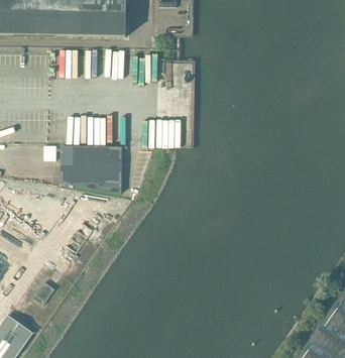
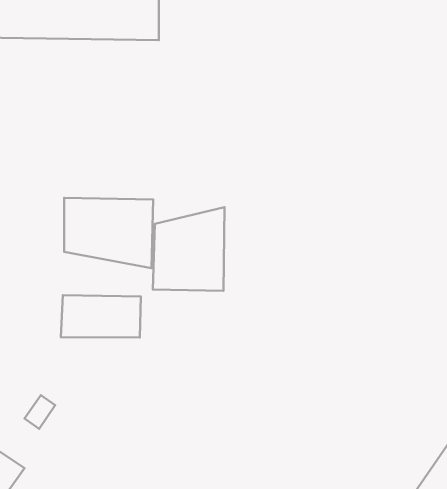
building: none -> [153,207,225,291]
building: none -> [61,295,141,337]

